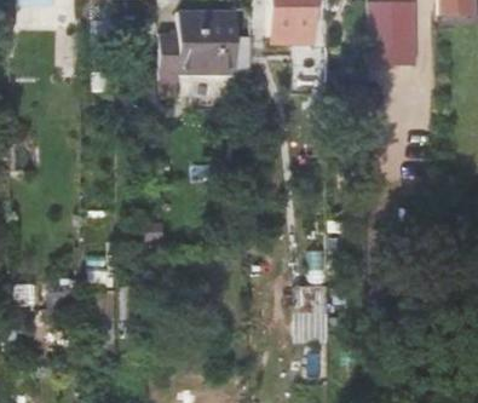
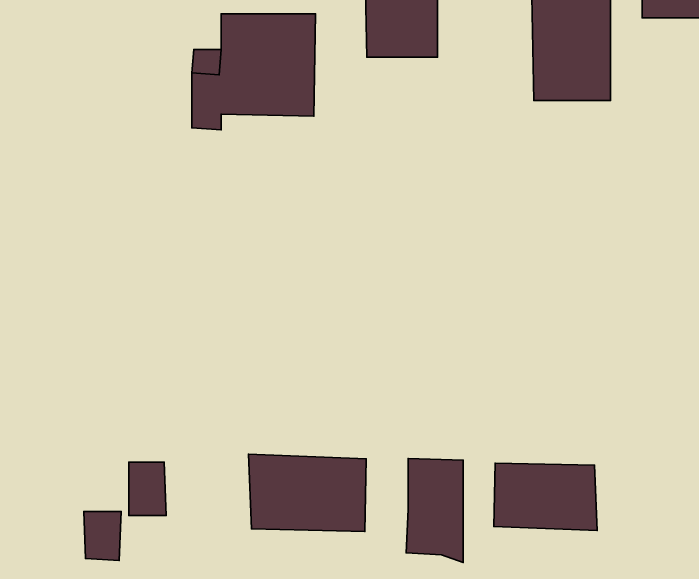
building: none -> [248,454,366,531]
building: none -> [494,463,597,530]

